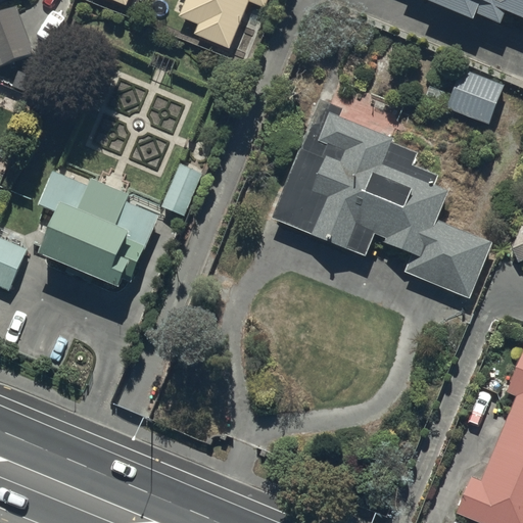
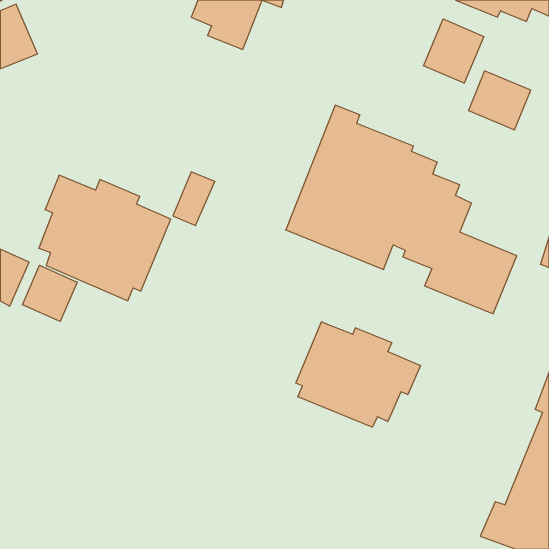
building: none -> [424,19,484,83]
building: none -> [22,265,77,321]
building: none -> [296,322,420,427]

